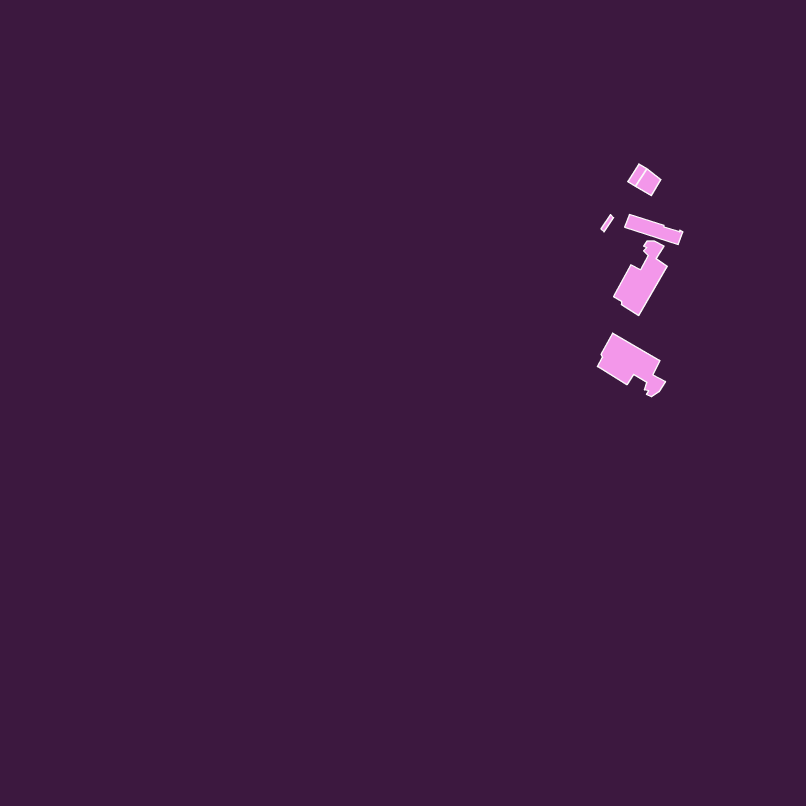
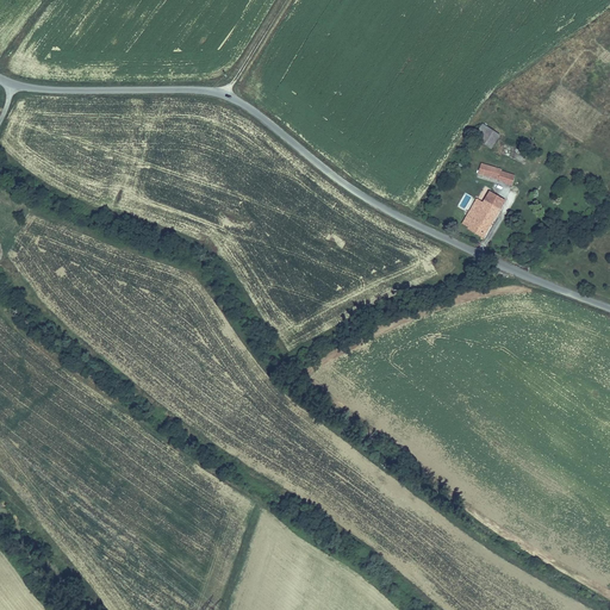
building: [597,333,665,397] -> none

